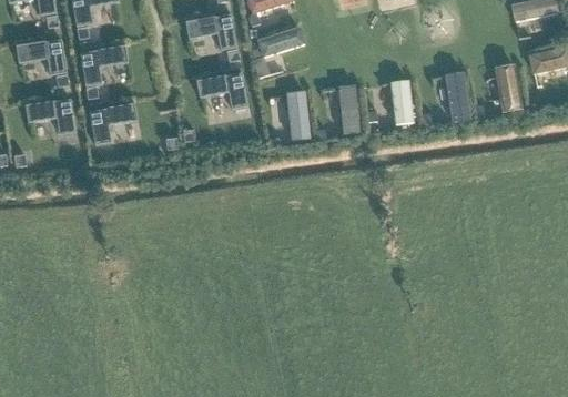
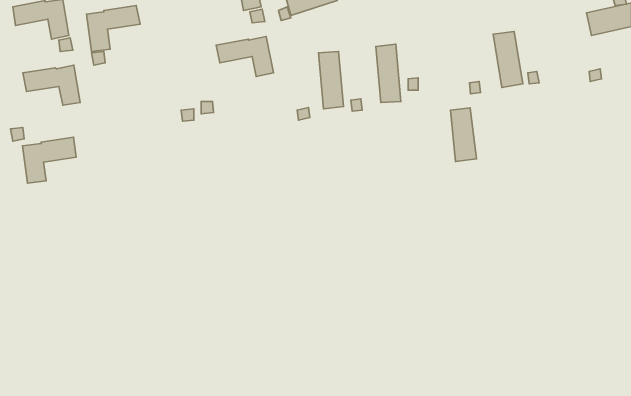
building: [494,61,520,110] -> none
building: [388,77,412,124] -> [450,108,477,161]
building: [90,104,138,145] -> [22,137,76,183]

